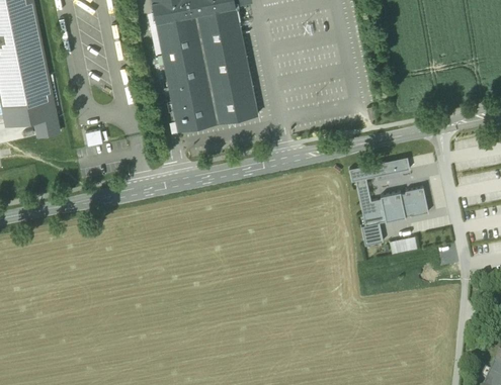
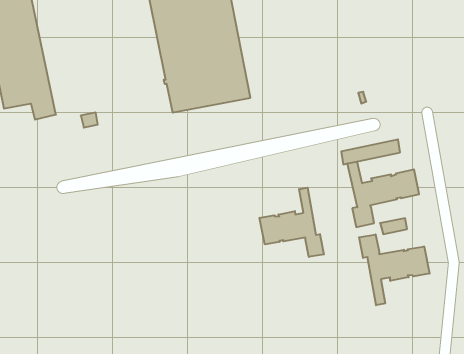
building: none -> [260,188,324,257]
building: none -> [359,234,430,305]

